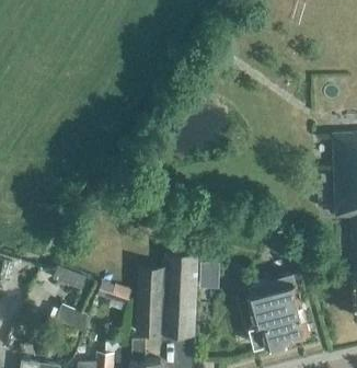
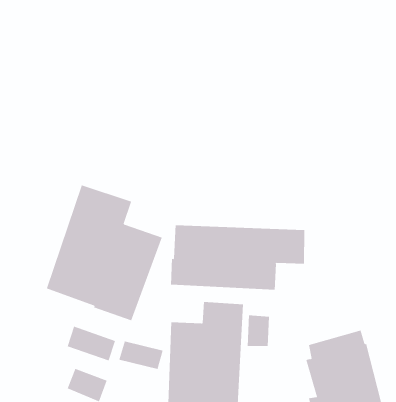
building: none -> [46,184,162,321]
building: none -> [170,225,305,290]

